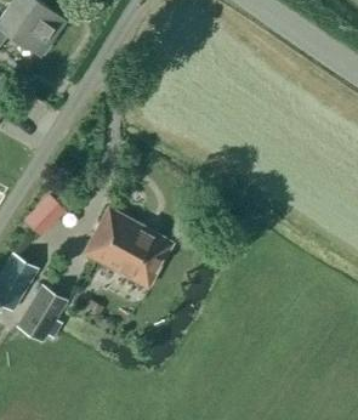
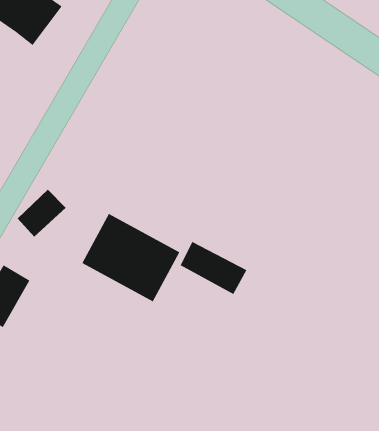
building: none -> [180,241,247,295]
building: [16,285,68,344] -> none

